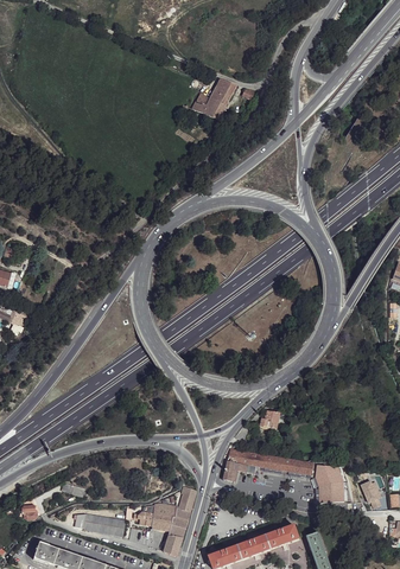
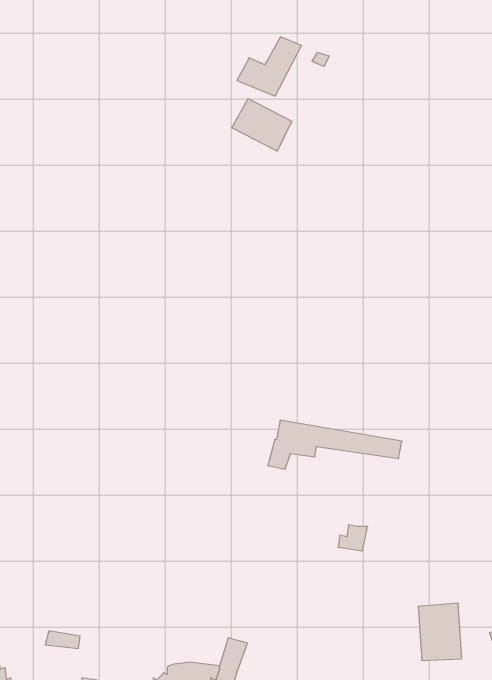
building: none -> [232,98,292,151]
building: [223,448,315,481] -> [268,420,402,469]

